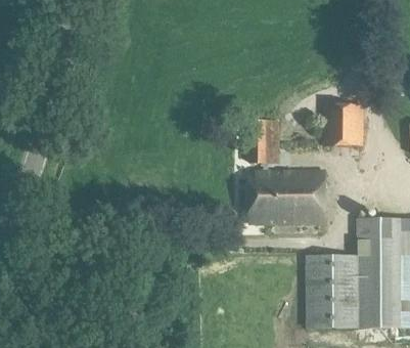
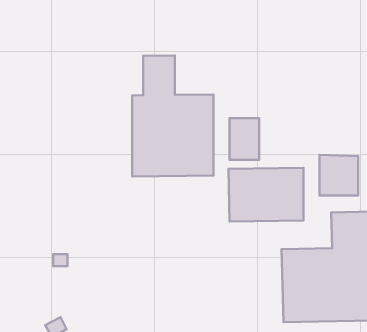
building: none -> [132,56,214,176]
building: [328,107,367,148] -> [320,155,358,196]

